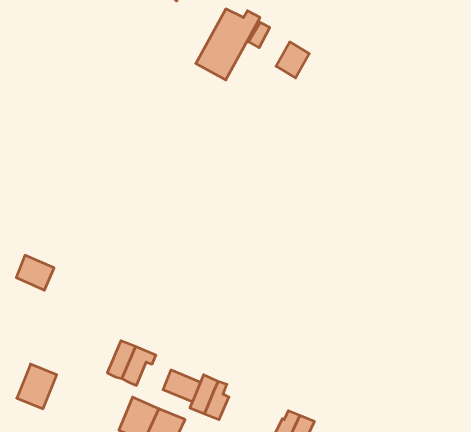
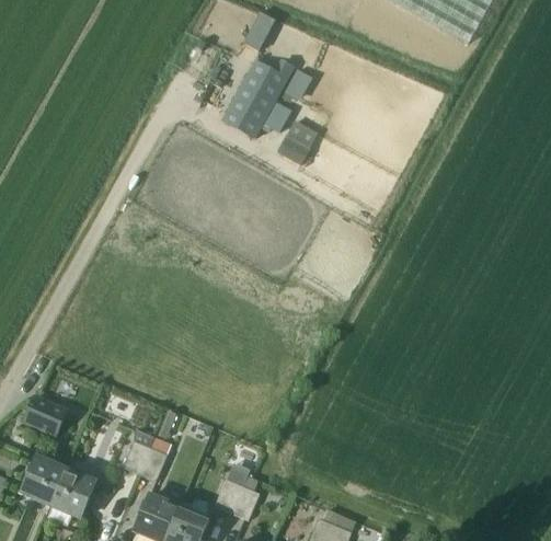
building: [276,42,309,78] -> [279,123,317,163]
building: [16,255,54,290] -> [25,394,68,434]
building: [163,370,200,402] -> none
building: none -> [50,468,95,518]

